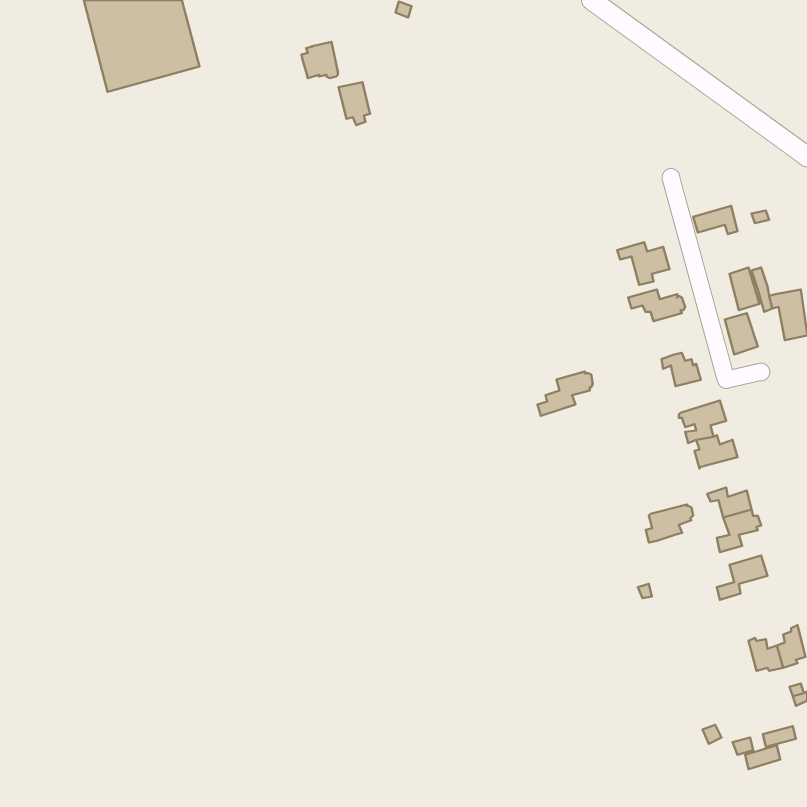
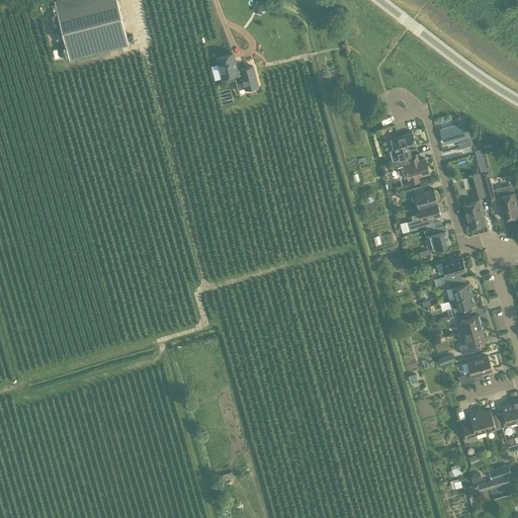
building: [301,42,338,78] -> [233,67,256,90]
building: none -> [388,133,415,161]
building: [538,371,593,416] -> [406,201,441,230]
building: [646,504,693,542] -> [445,293,476,318]
building: none -> [460,411,484,442]

